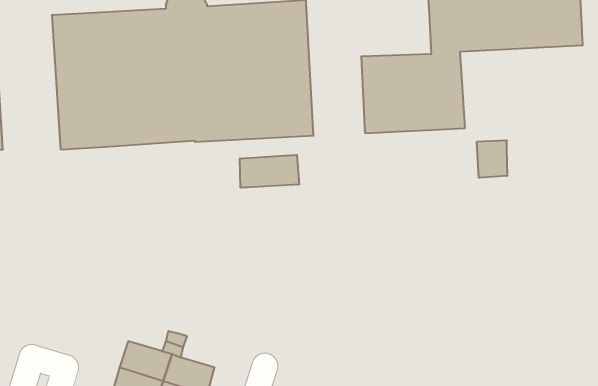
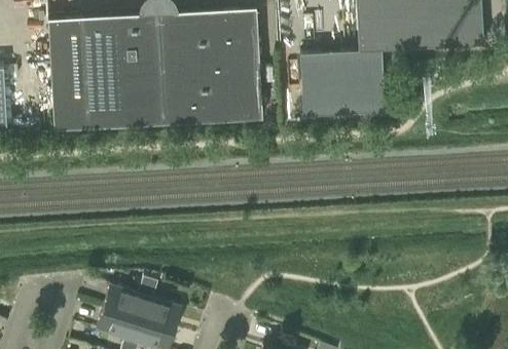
building: [477,140,507,178] -> none
building: [240,155,299,188] -> none

